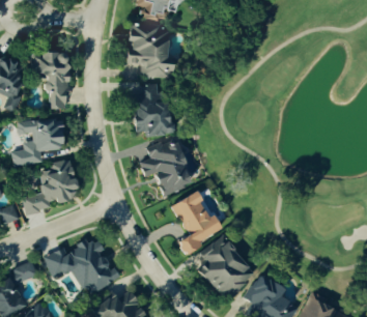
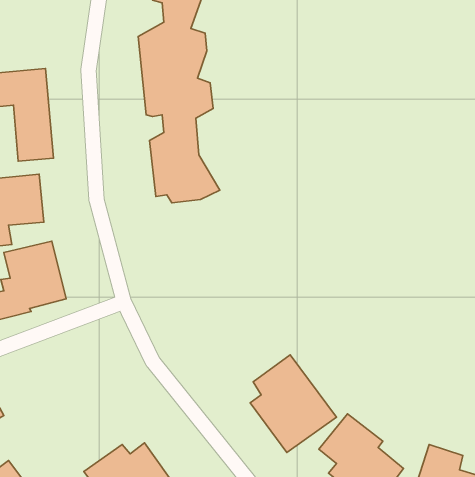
building: [140,139,199,194] -> none
building: [172,193,223,253] -> none
building: [43,238,118,295] -> none

